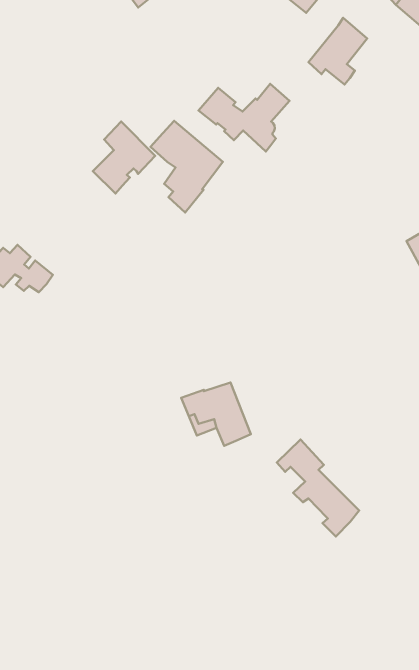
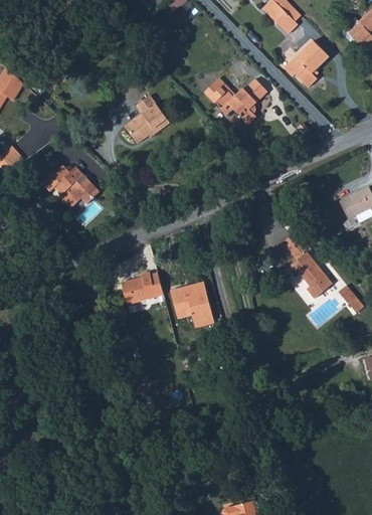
building: [151,121,223,212] -> none
building: none -> [122,273,164,304]
building: [277,440,359,536] -> [276,228,330,298]

